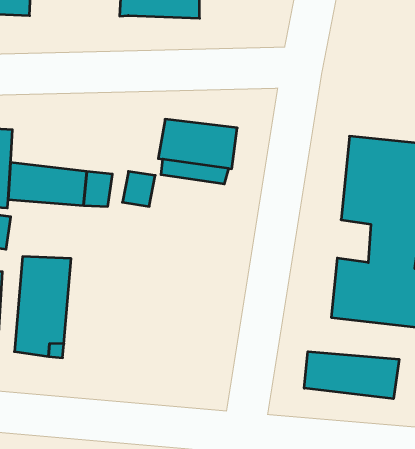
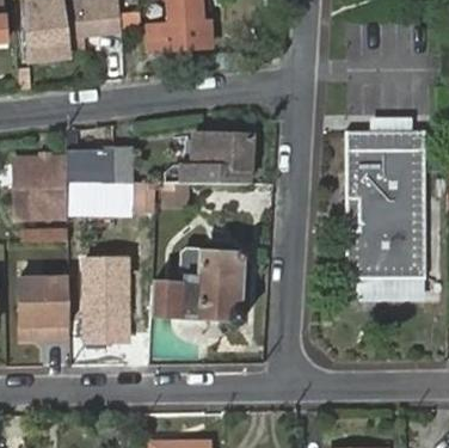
building: none -> [66,147,131,180]
building: none -> [149,253,245,324]
building: [304,352,399,399] -> none

